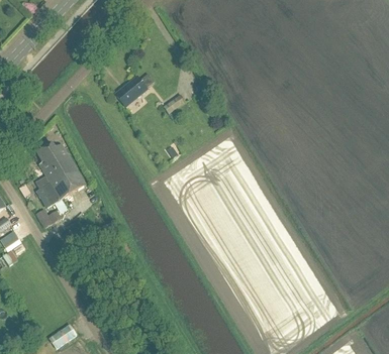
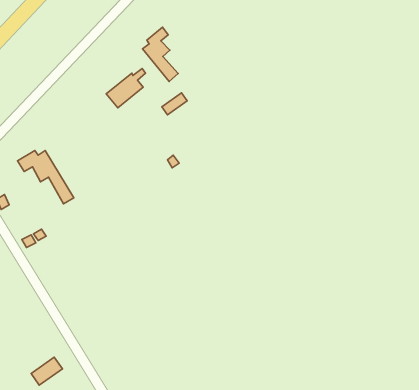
building: none -> [142,27,178,81]
building: [35,156,77,203] -> none

